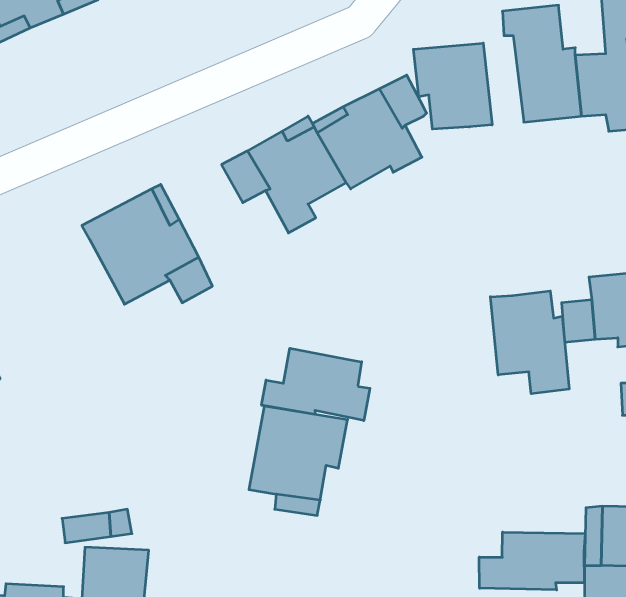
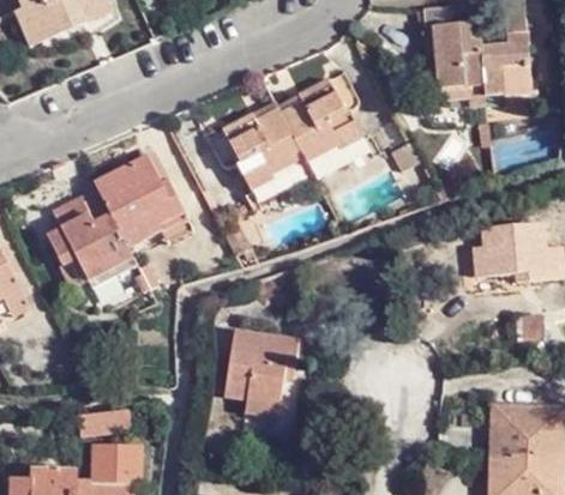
building: [413,43,492,129] -> none
building: none -> [43,197,134,291]
building: [490,291,569,394] -> none
building: [262,348,370,421] -> none
building: [479,532,585,590] -> none

